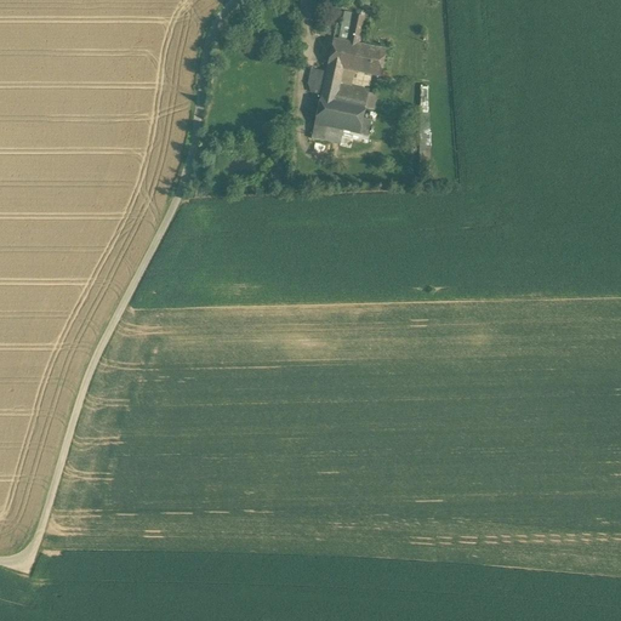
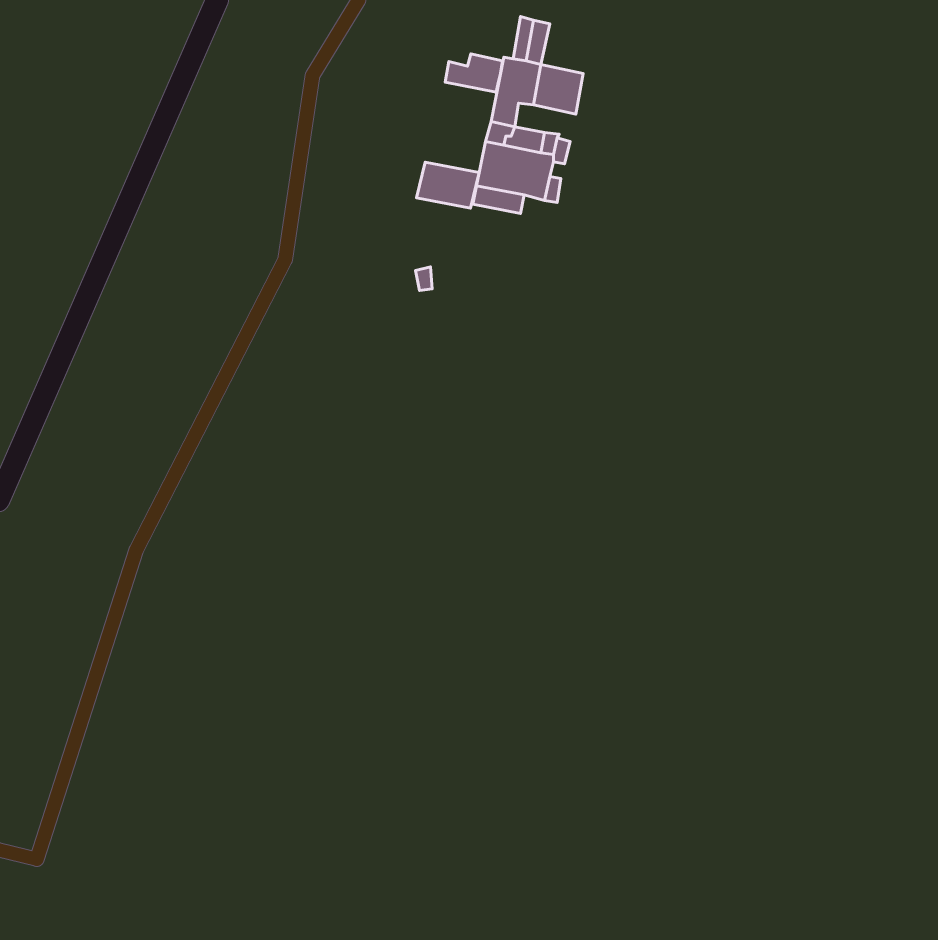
building: none -> [445,54,503,92]
building: none -> [417,162,479,208]

